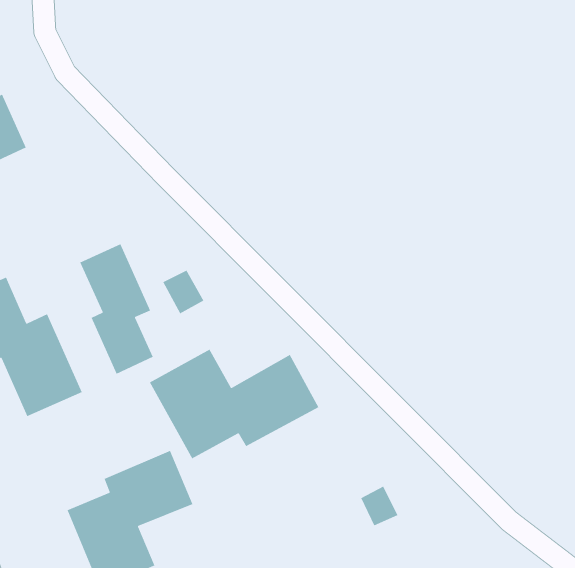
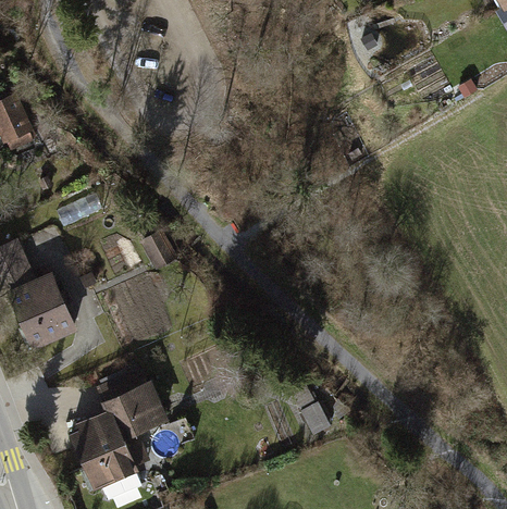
building: [79,243,154,375] -> none
building: [149,348,319,459] -> none

